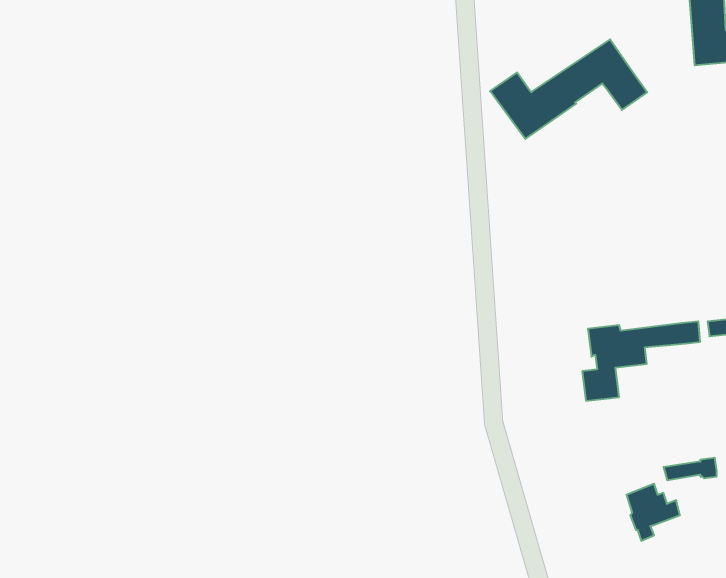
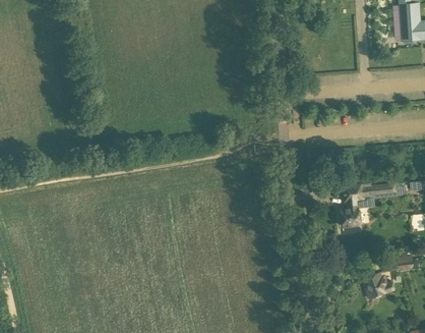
building: [490,39,647,139] -> none

